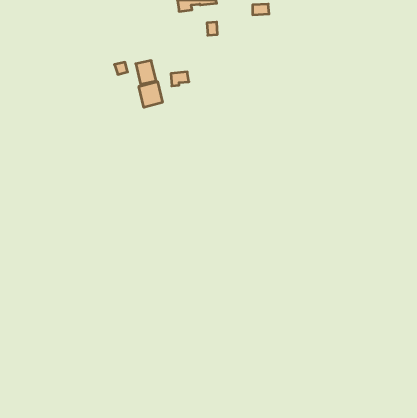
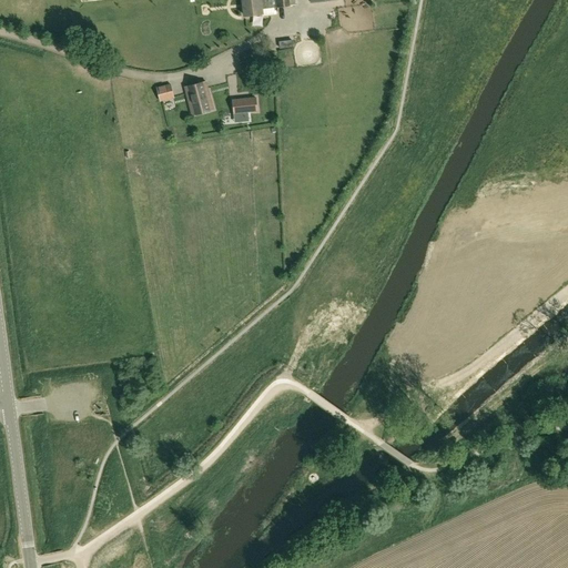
building: [139,82,162,107] -> none

